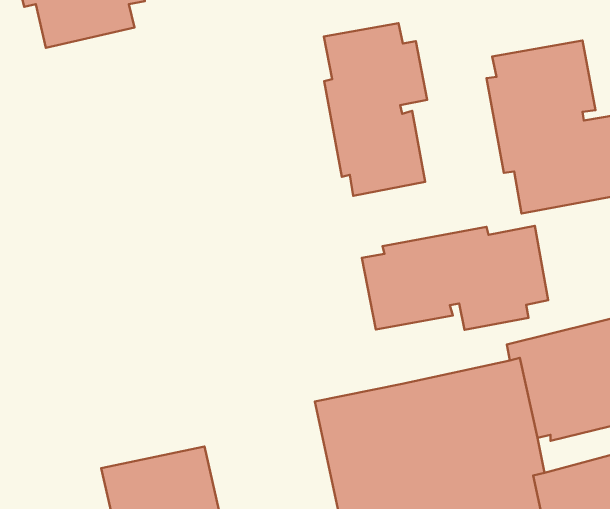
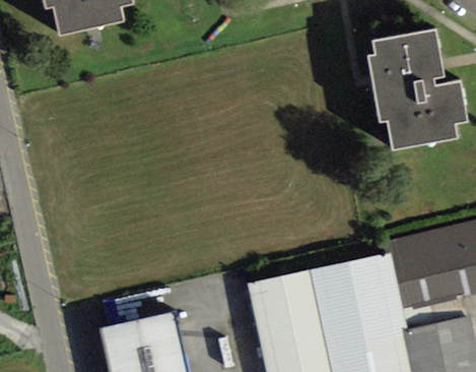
building: [324,23,427,196] -> none
building: [362,226,548,330] -> none

